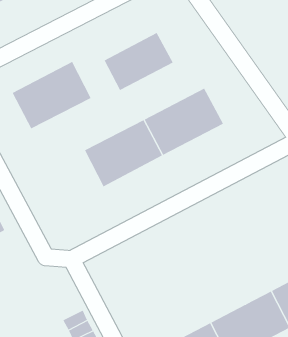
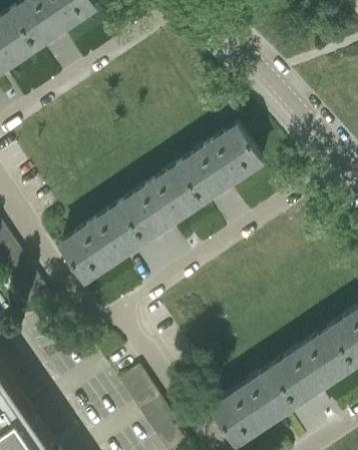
building: [104,32,173,91] -> none
building: [12,61,92,129] -> [59,206,142,282]

